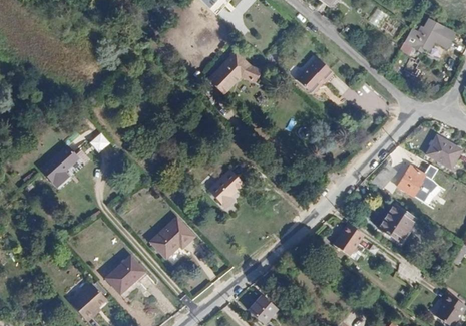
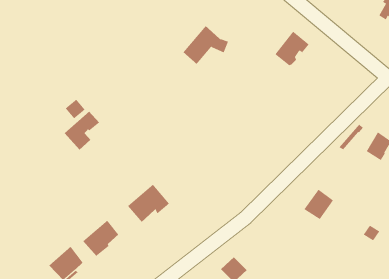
building: [43,145,80,187] -> [64,111,100,150]
building: [206,170,243,208] -> none
building: [378,205,414,242] -> none

